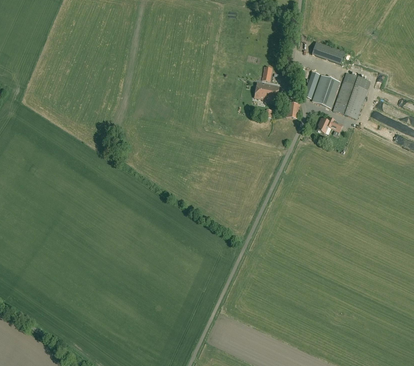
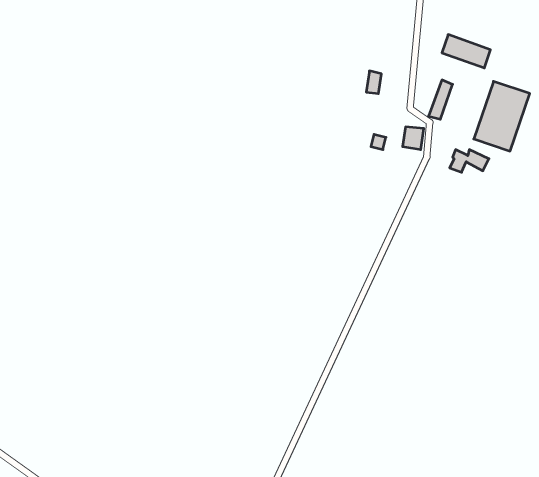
building: [312,75,339,107] -> none
building: [254,83,279,103] -> none

